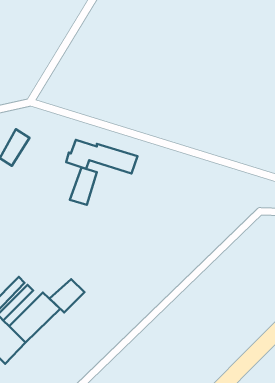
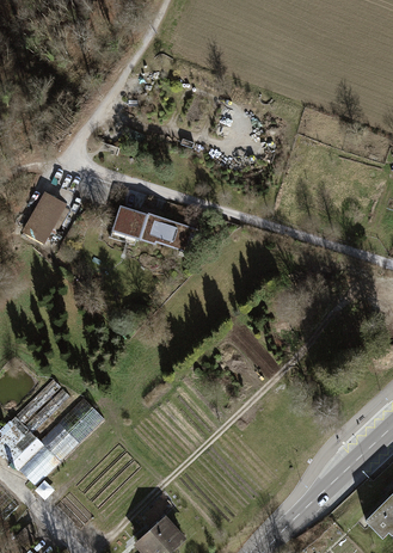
building: [70,167,97,205] -> none
building: [50,279,84,312] -> none

